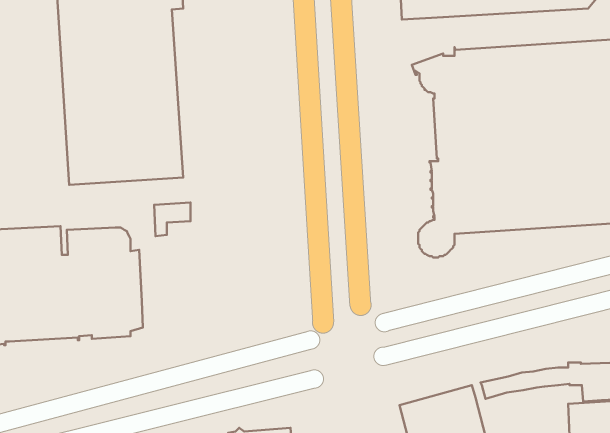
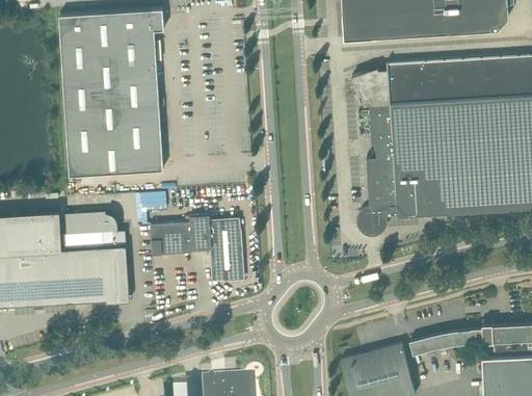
building: none -> [151,215,244,282]

